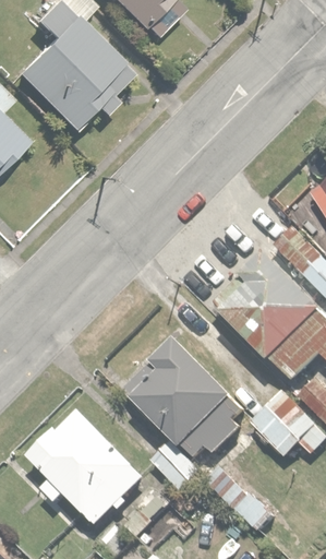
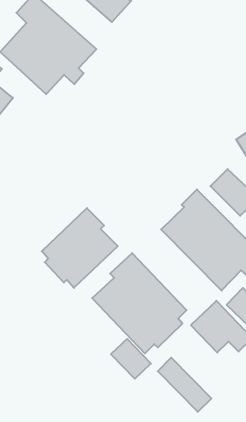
building: none -> [42,208,118,288]
building: [26,411,146,525] -> none

